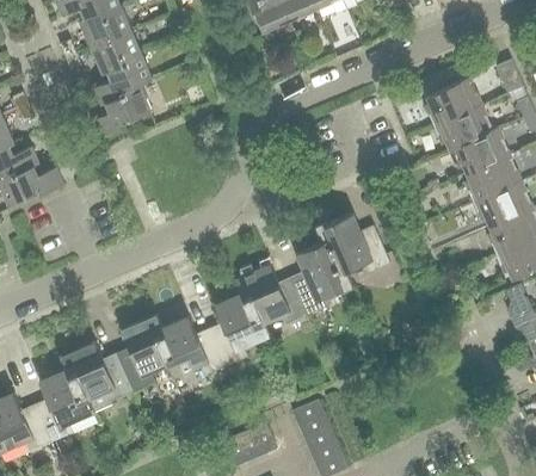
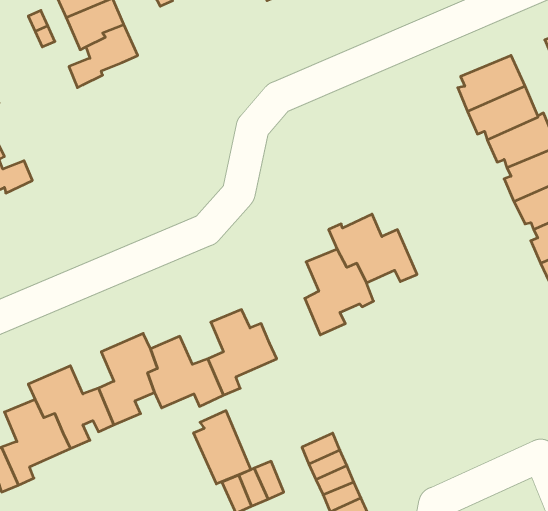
building: [93,84,150,137] -> none
building: [235,265,308,324] -> none
building: none -> [194,411,251,484]

